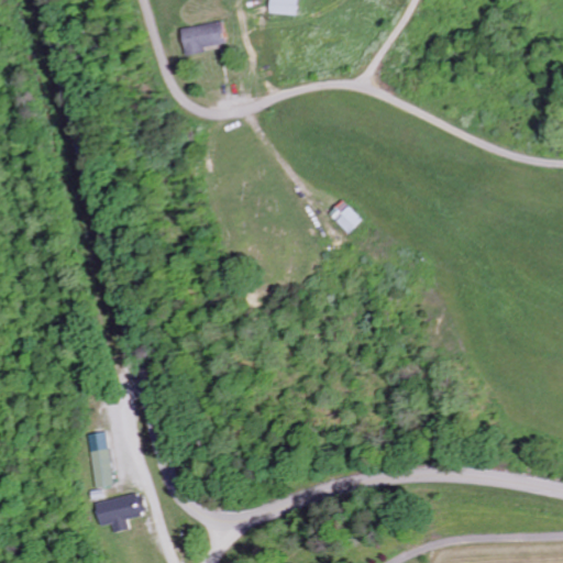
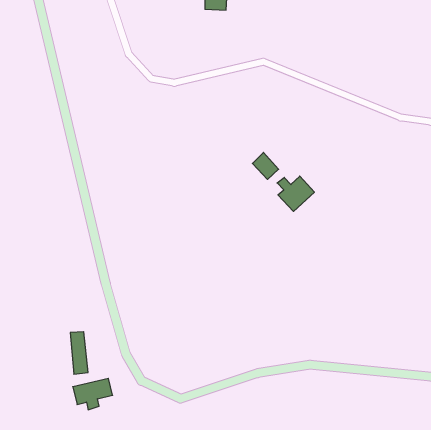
building: [181,22,223,54] -> none
building: none -> [277,176,314,211]

